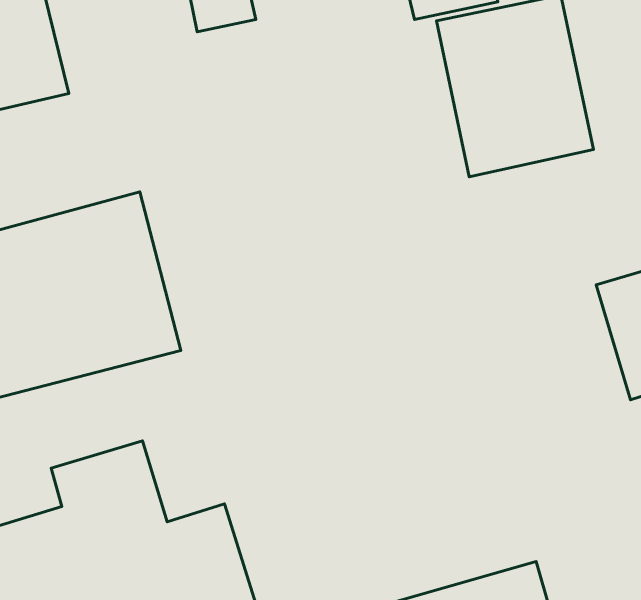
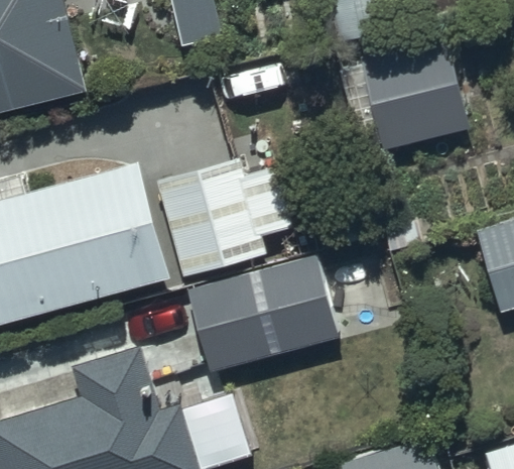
building: none -> [154,159,293,276]
building: none -> [182,254,344,372]

